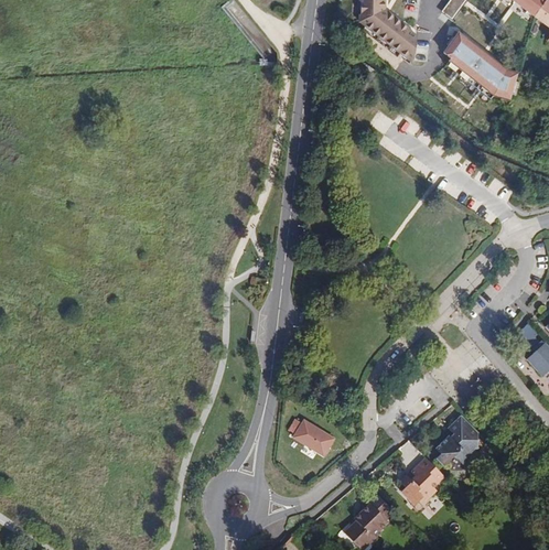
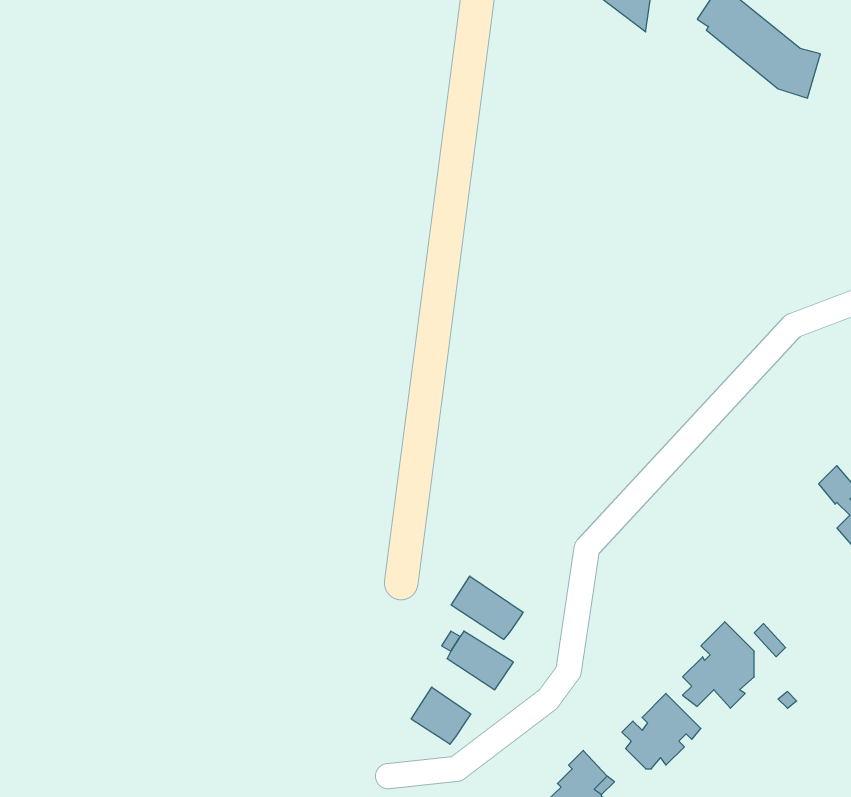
building: none -> [451,576,523,639]
building: none -> [411,687,471,744]

